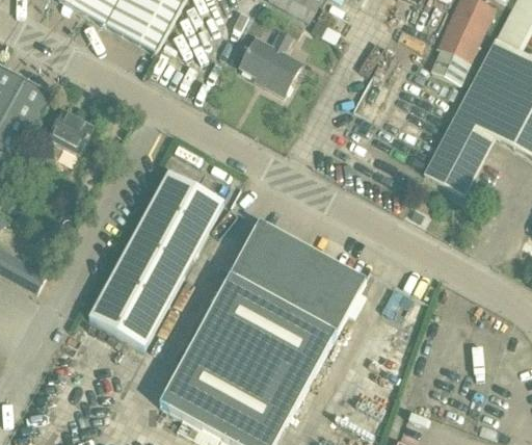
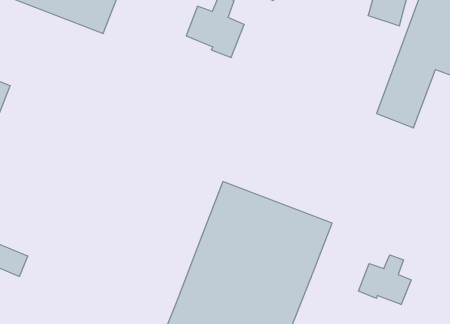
building: [41,110,95,160] -> none
building: [88,171,223,347] -> none
building: none -> [358,255,411,305]

